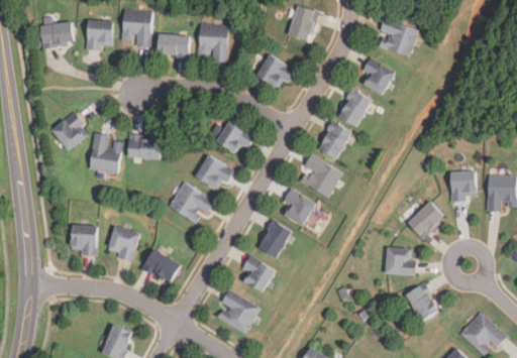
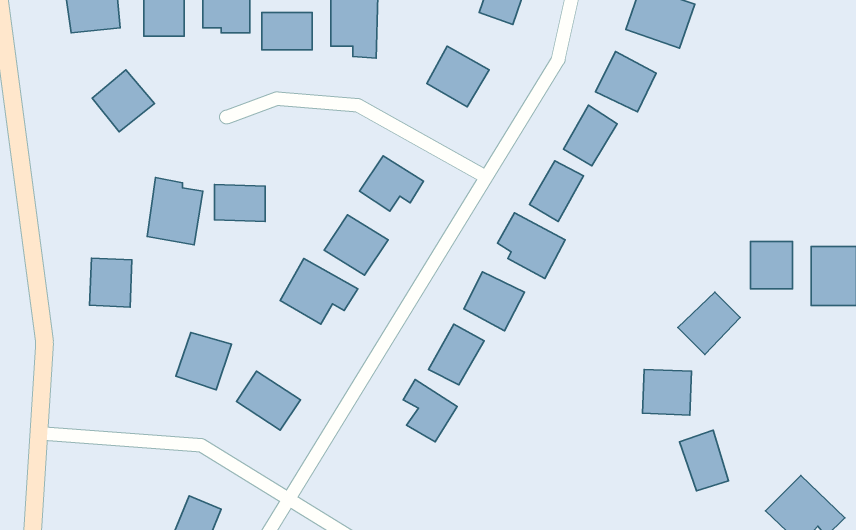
building: [53,113,90,150] -> [92,70,154,132]
building: [71,225,96,254] -> [90,258,132,307]
building: [216,289,260,333] -> none

